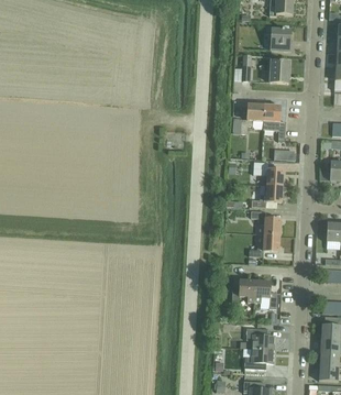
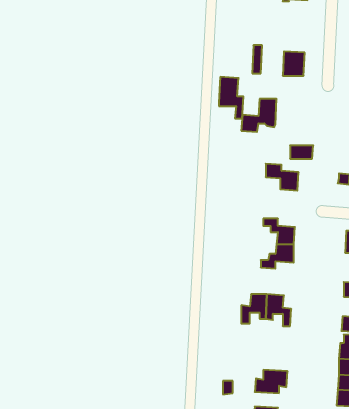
building: [266,28,290,51] -> none
building: [263,102,285,140] -> [219,77,243,118]
building: [252,183,283,206] -> none
building: [246,327,275,348] -> none

